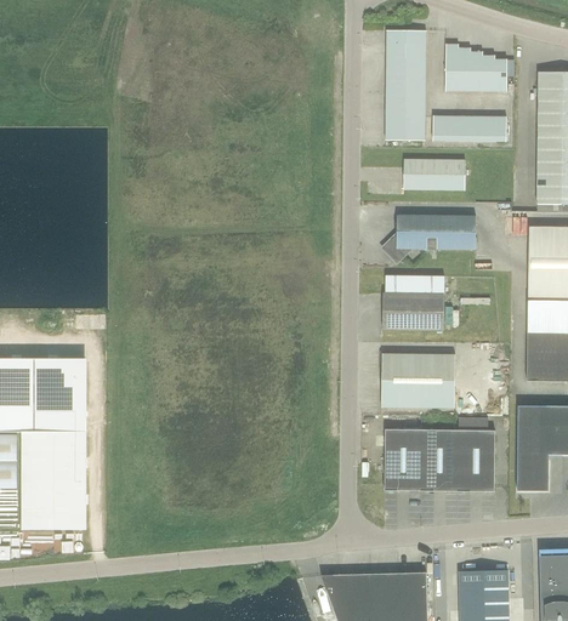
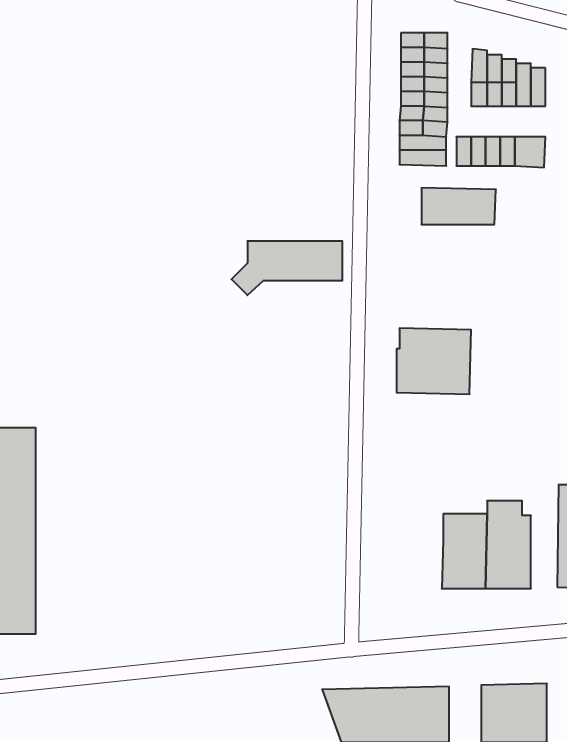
building: [384,216,476,261] -> [231,241,342,295]
building: [381,353,455,408] -> none
building: [385,429,422,491] -> none

